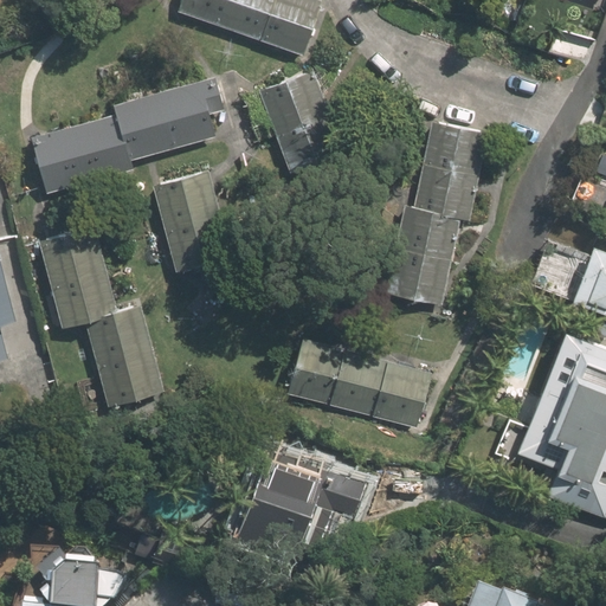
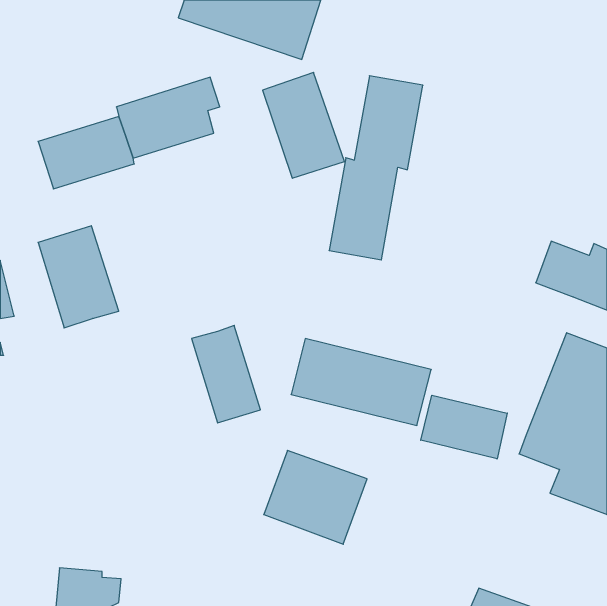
building: [389,124,483,308] -> [329,76,423,260]
building: [154,172,226,271] -> none
building: [92,305,161,402] -> [192,325,260,423]
building: none -> [421,395,507,459]

